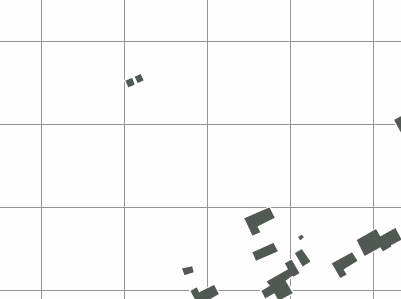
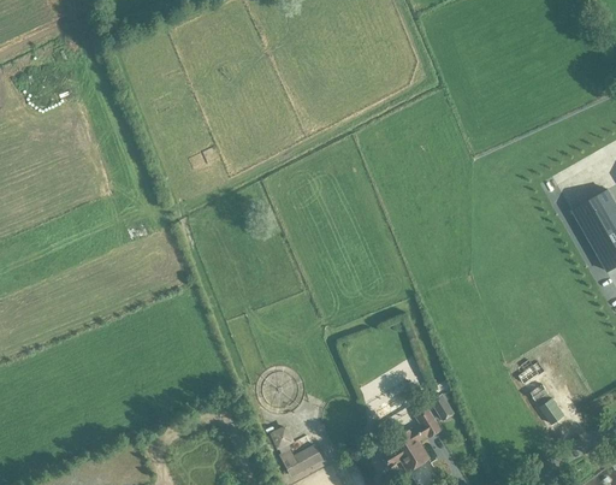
building: [243,207,275,236] -> none
building: [331,252,358,279] -> none

